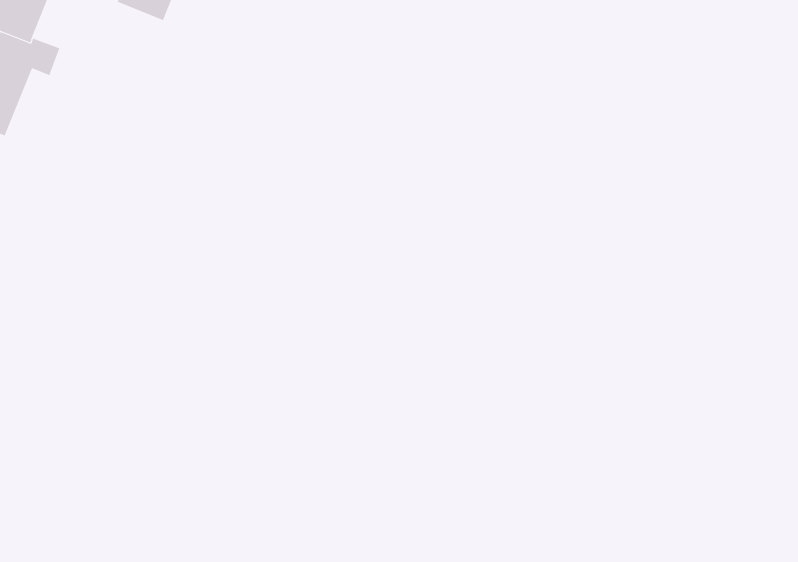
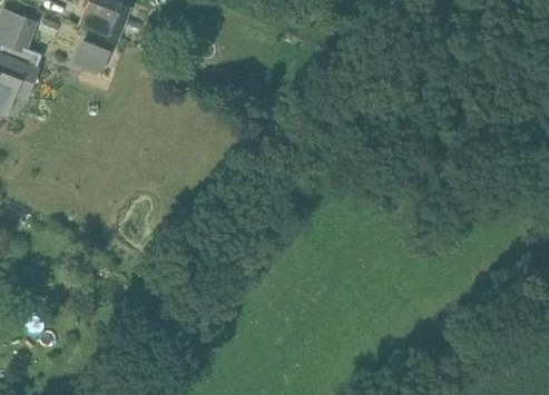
building: none -> [75,37,112,70]

